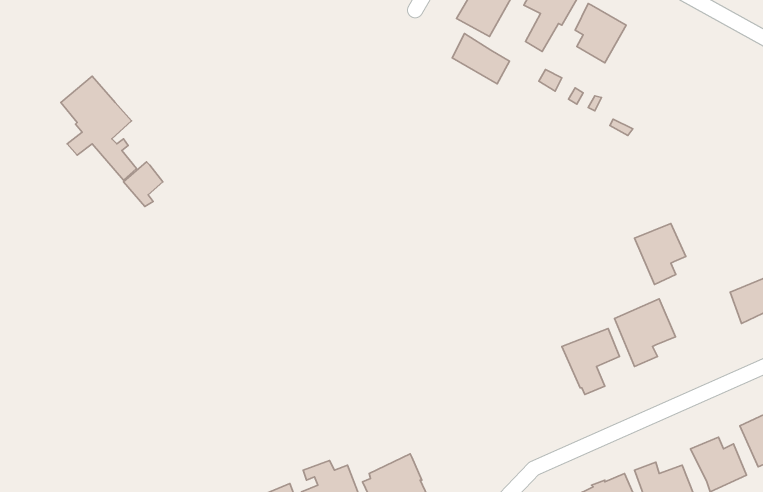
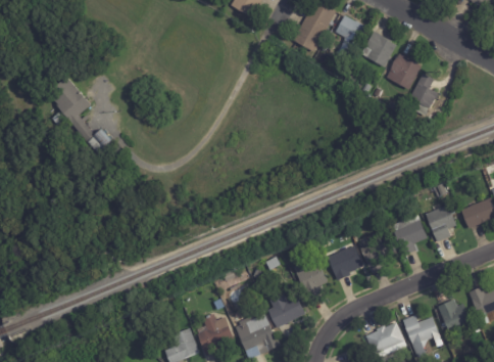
building: [452,34,510,84] -> none
building: none -> [386,52,422,89]
building: none -> [409,73,437,115]
building: [635,223,686,284] -> [425,203,456,241]
building: none -> [327,242,362,279]
building: none -> [292,260,327,299]
building: none -> [267,289,304,327]

